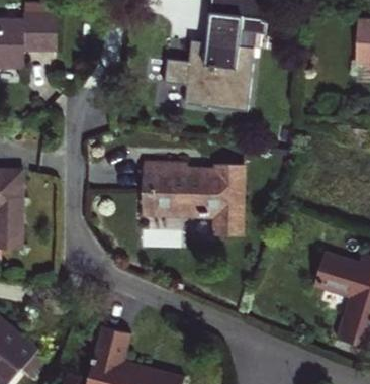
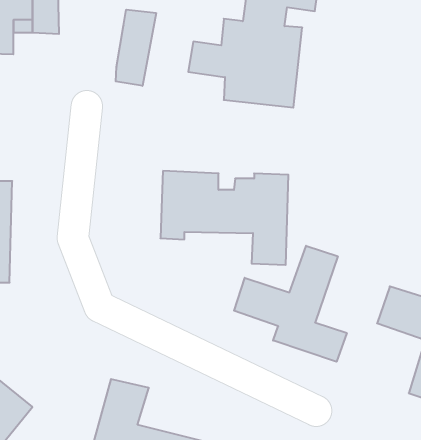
building: none -> [116,10,156,86]
building: none -> [234,246,347,362]

